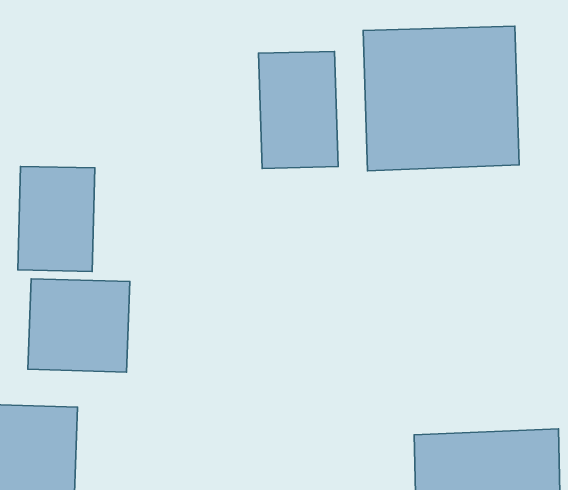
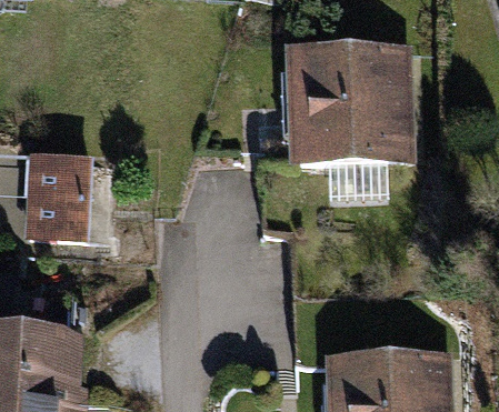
building: [258,52,338,168] -> none
building: [28,279,130,372] -> none

